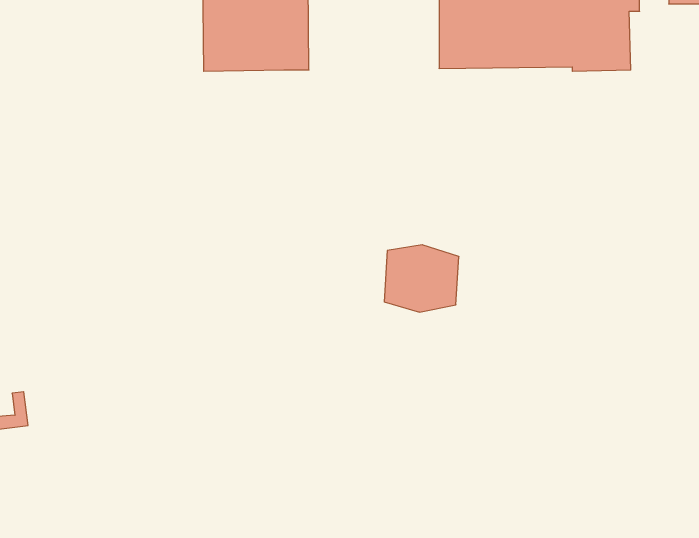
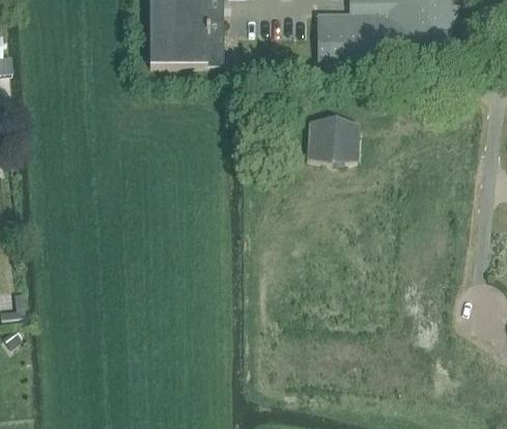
building: [384,245,459,312] -> [308,115,361,163]

